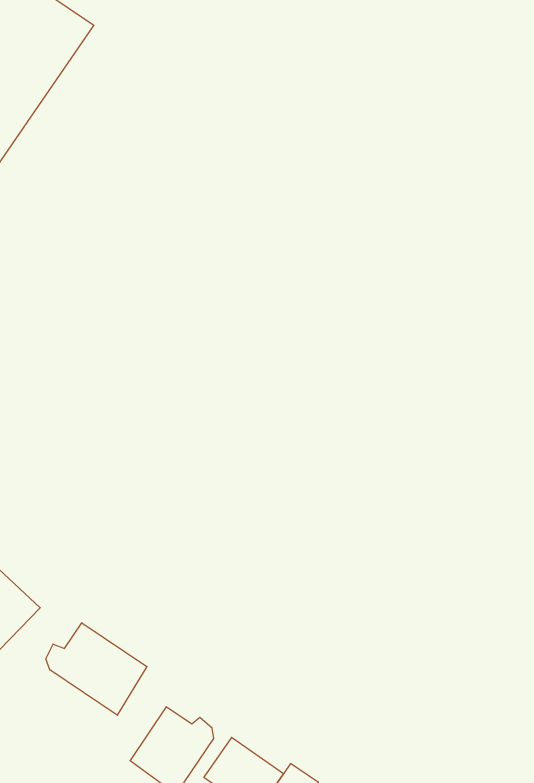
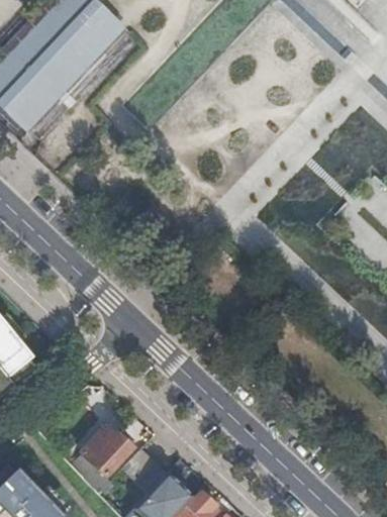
building: [46,623,147,715] -> none

